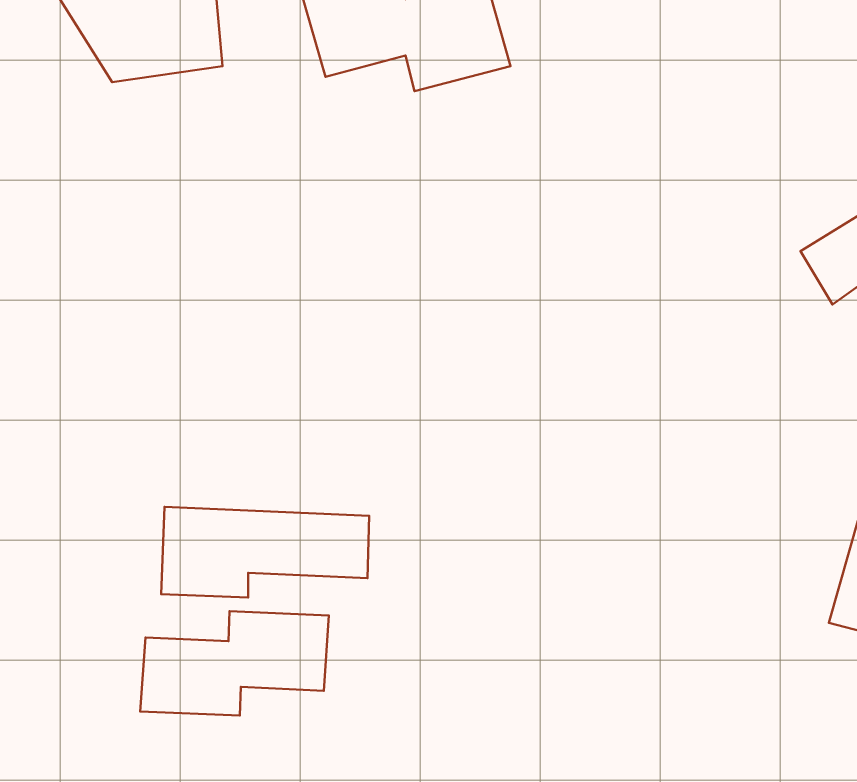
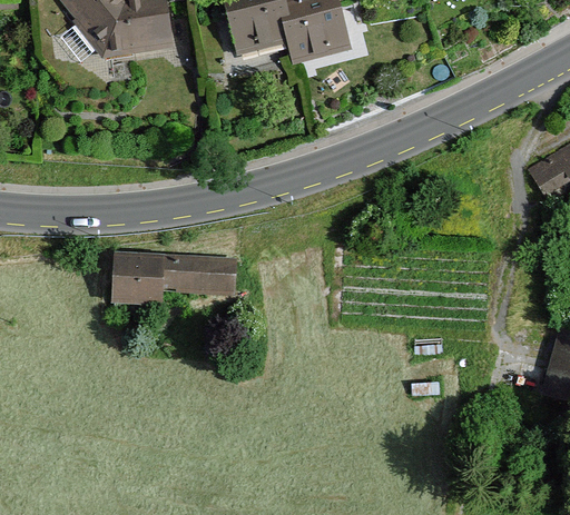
building: [161,507,369,598] -> [116,251,246,308]
building: [140,611,329,715] -> none

